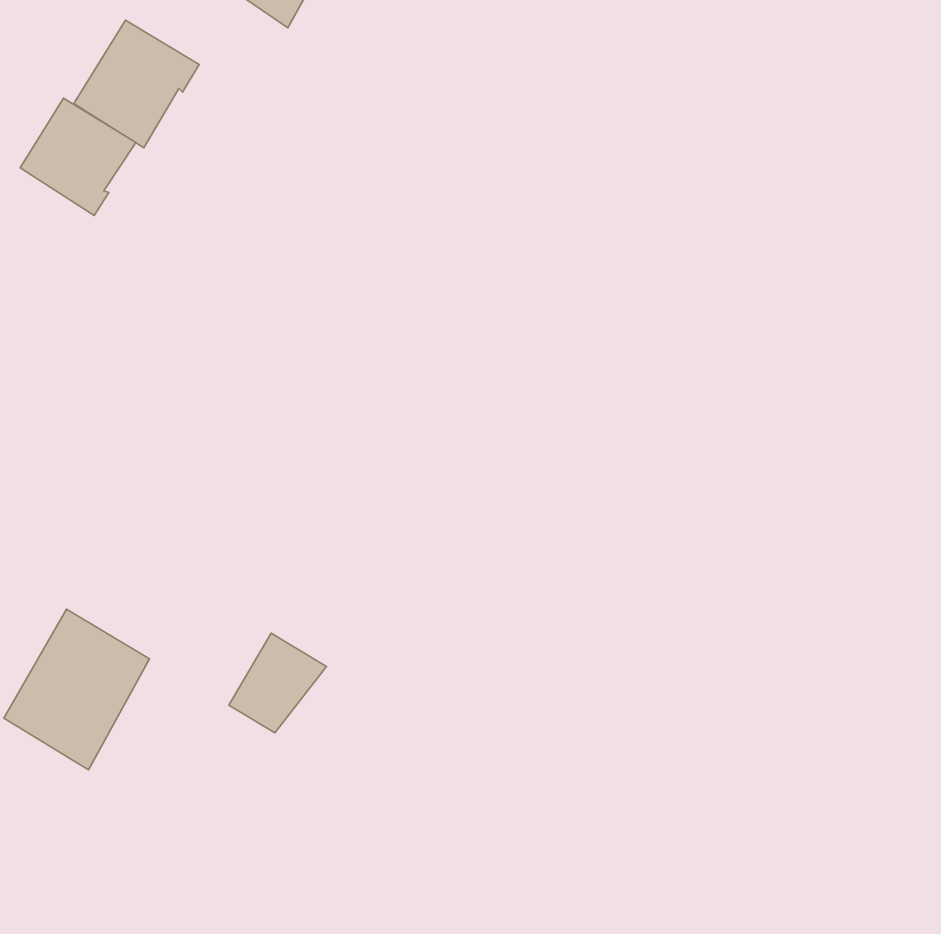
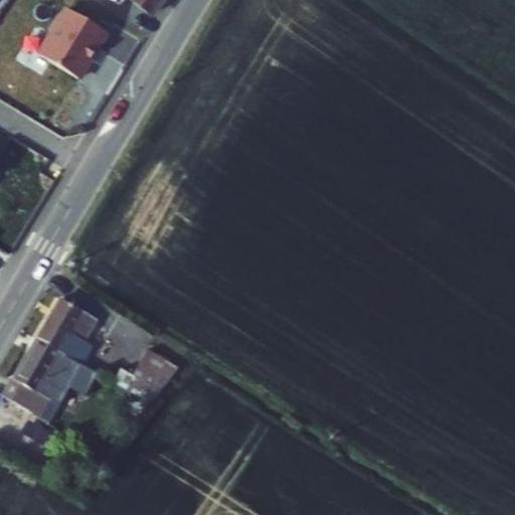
building: [20,98,136,215] -> none
building: none -> [37,295,99,359]

